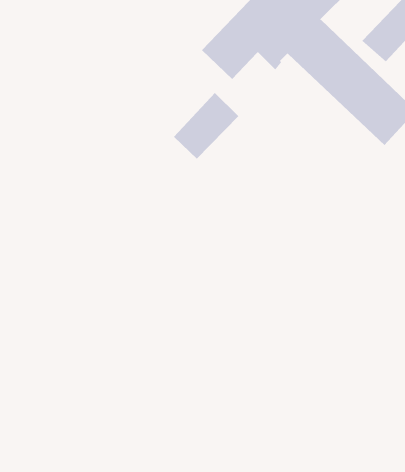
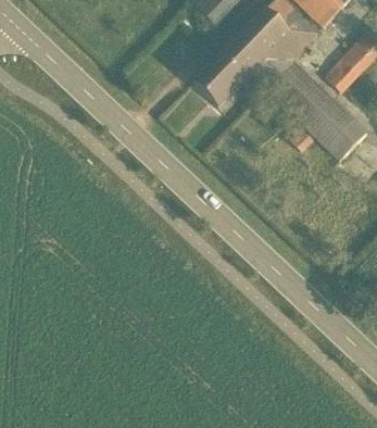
building: [173,92,239,160] -> none

